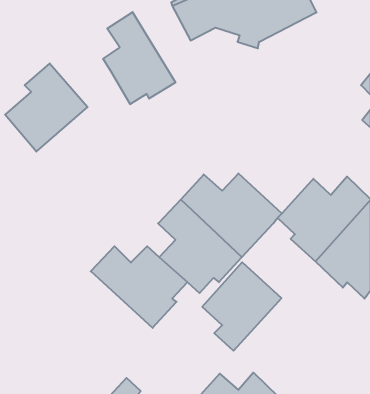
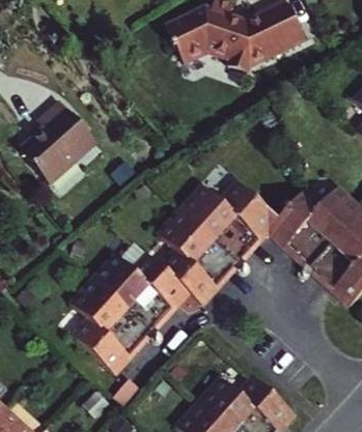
building: [103,12,175,104] -> none
building: [202,262,281,351] -> none
building: none -> [69,286,151,378]

